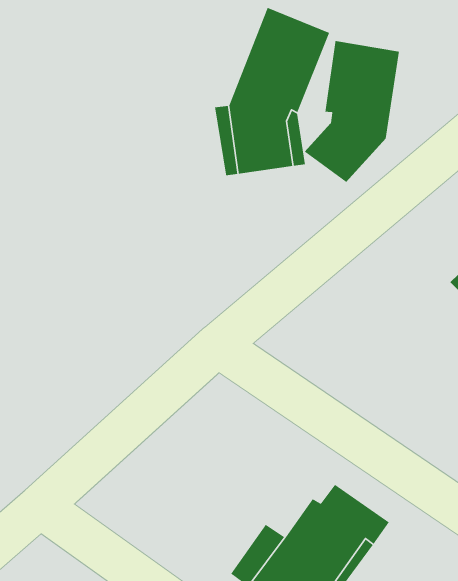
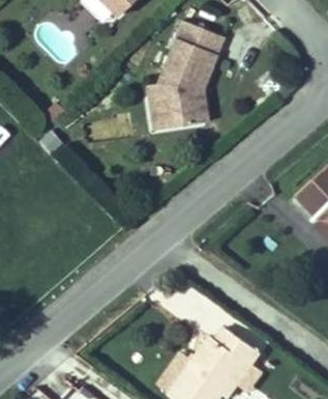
building: [304,40,400,183] -> none

